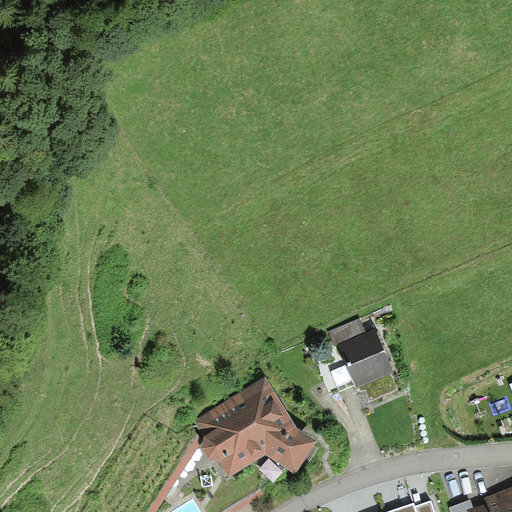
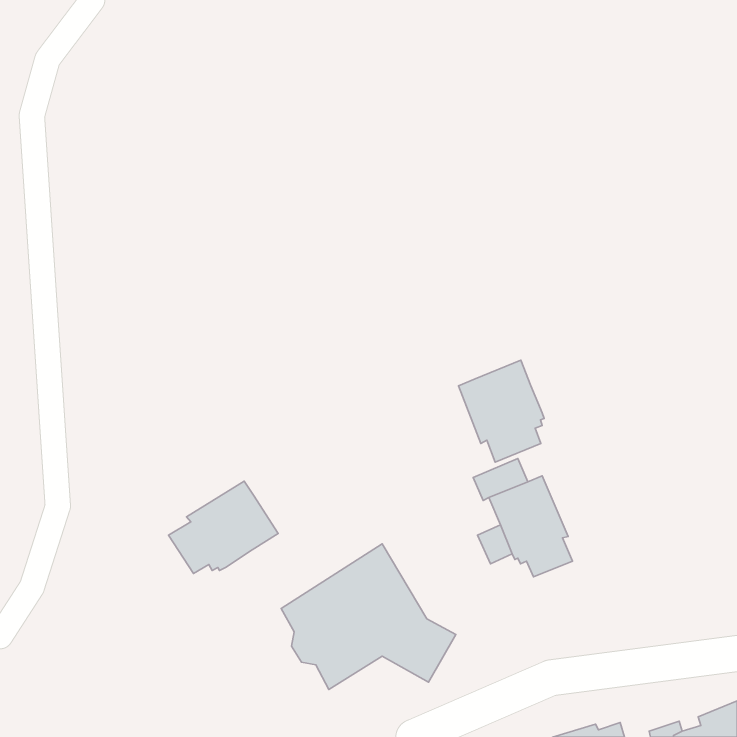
building: none -> [459,360,544,462]
building: none -> [169,481,278,574]

